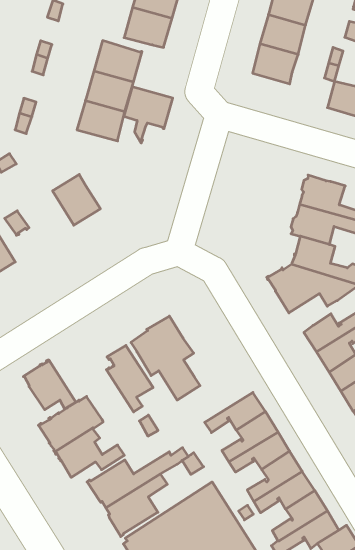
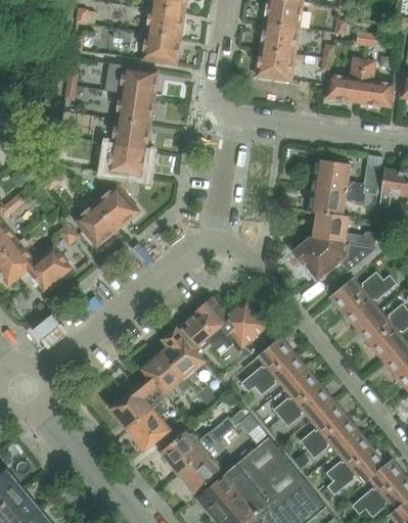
building: [124,87,173,143] -> [105,145,146,193]
building: none -> [75,201,118,246]
building: none -> [226,295,268,347]
building: [23,360,76,410] -> [142,351,191,395]
building: none -> [241,338,293,391]

